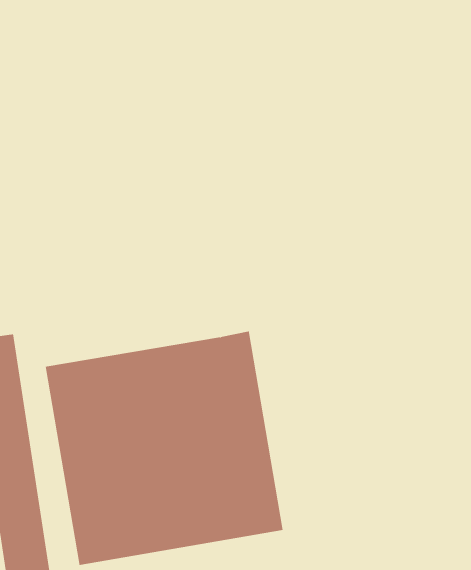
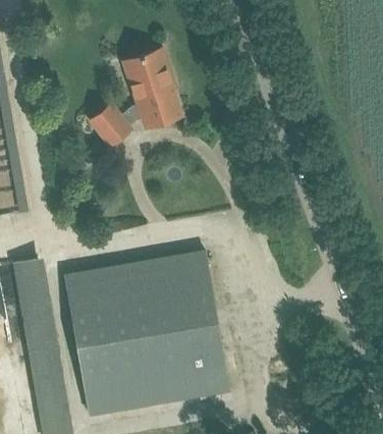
building: none -> [88,51,181,149]

